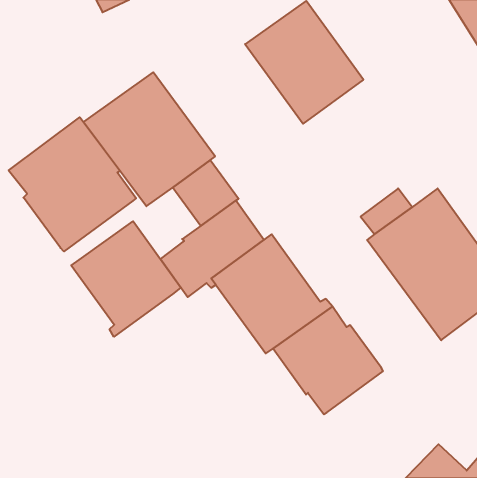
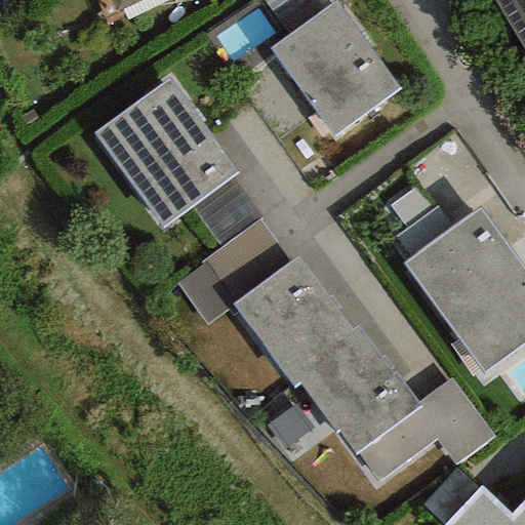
building: [9,117,136,251] -> none
building: [71,221,181,337] -> none
building: none -> [360,378,494,479]

